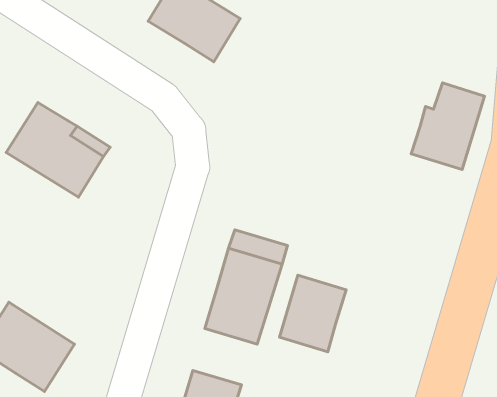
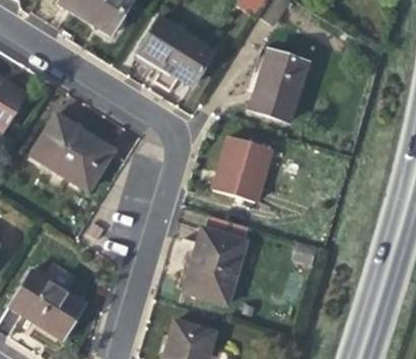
building: [411,83,485,170] -> [251,54,307,121]
building: none -> [215,136,270,200]
building: [280,275,346,352] -> none

